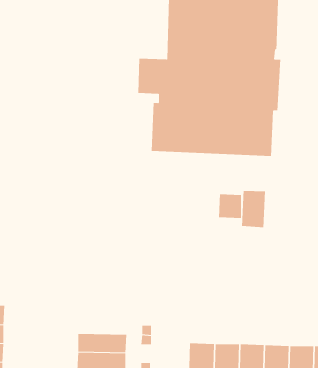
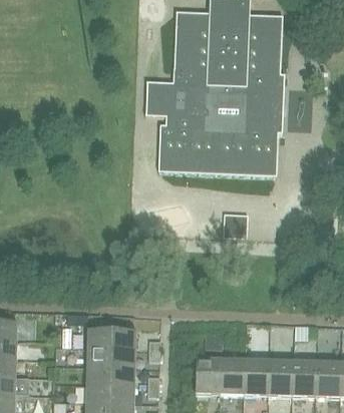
building: [242,190,266,228] -> none
building: none -> [87,329,135,349]

